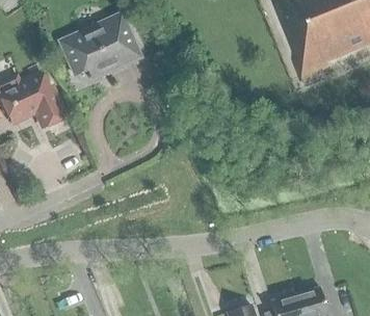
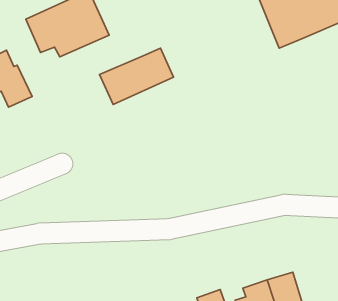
building: none -> [99,48,174,105]

